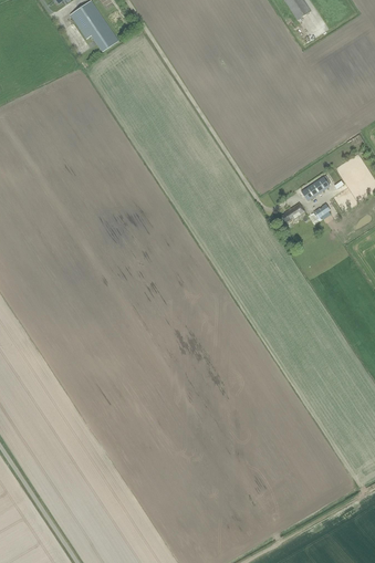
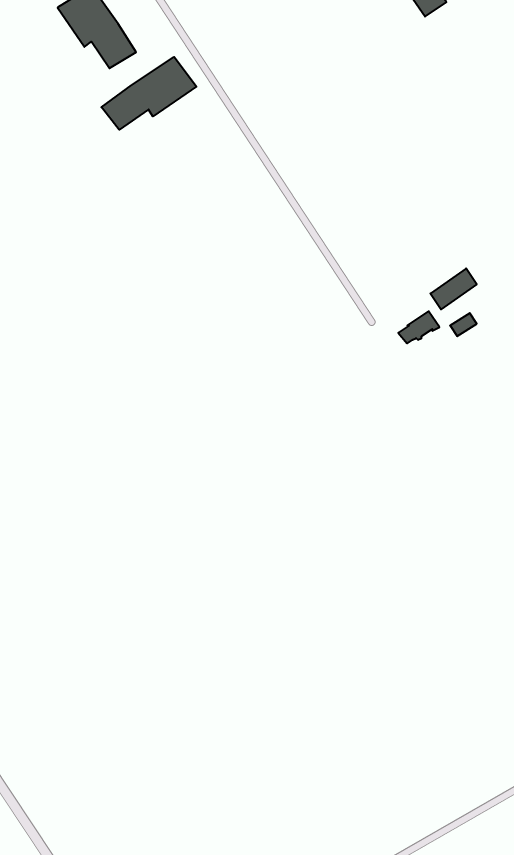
building: none -> [101,57,196,130]

